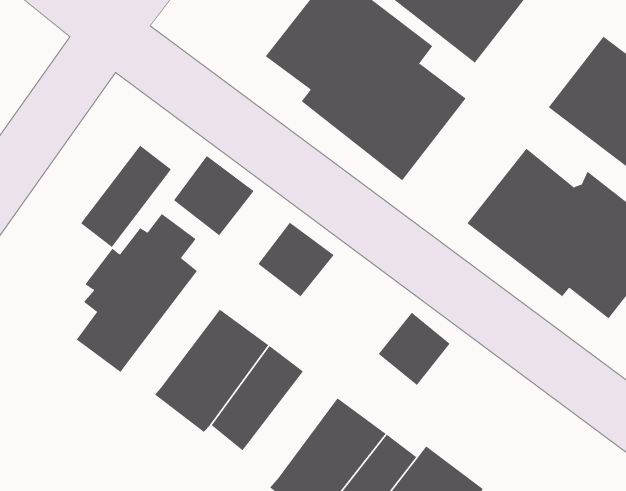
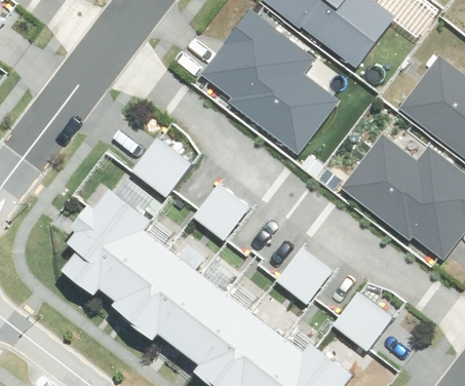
building: [80,145,172,248] -> [104,230,168,303]
building: none -> [185,292,251,366]
building: none -> [335,293,392,350]

